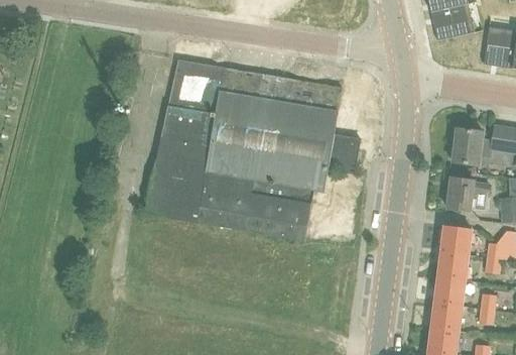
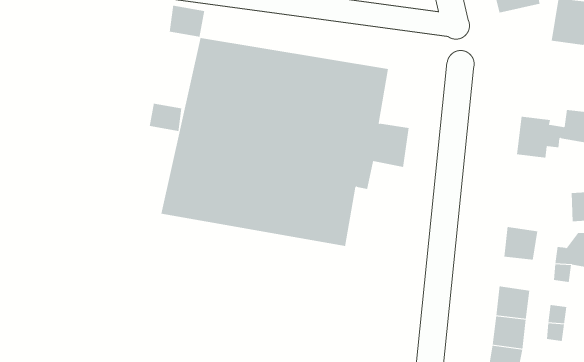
building: none -> [169,5,205,37]
building: none -> [149,103,182,132]
building: [446,176,490,211] -> none
building: [437,250,468,279] -> none

